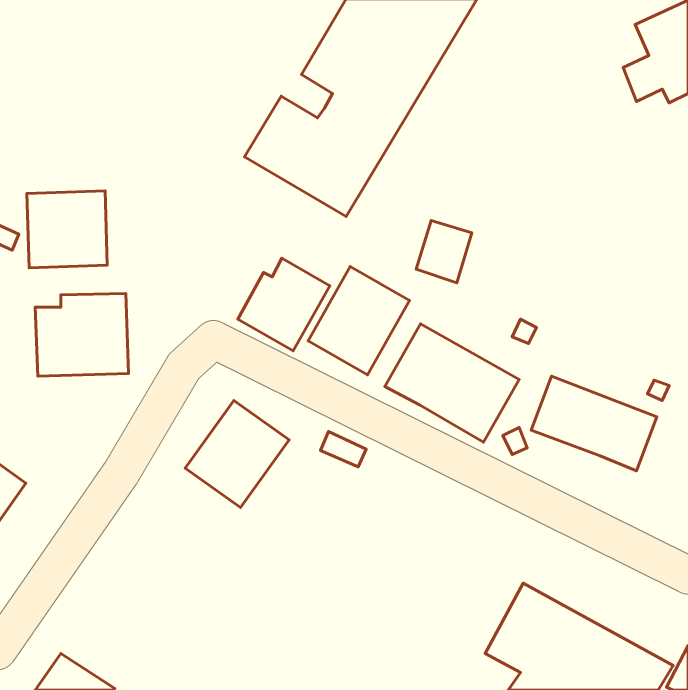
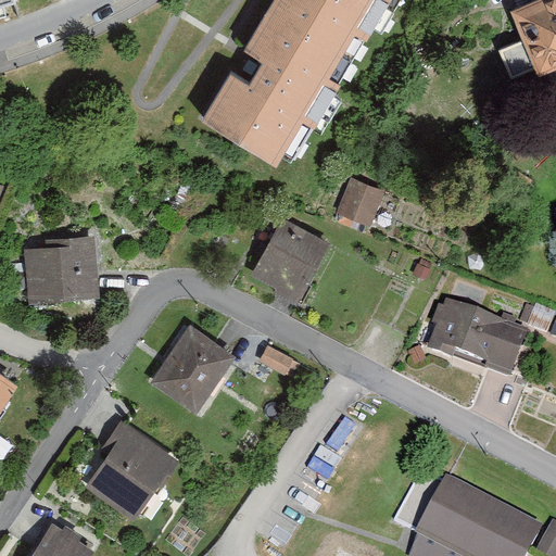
building: [27,191,107,268] -> none
building: [238,258,330,351] -> none
building: [385,324,519,442] -> none
building: none -> [96,420,191,522]

